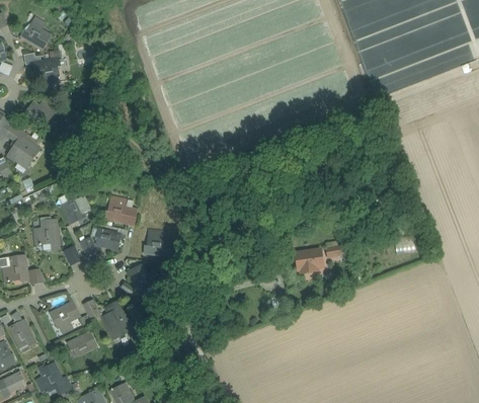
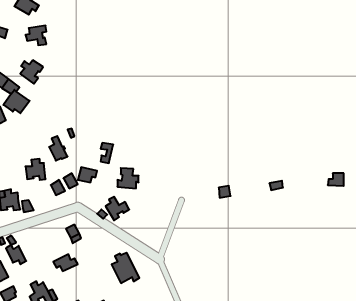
building: [103,195,132,222] -> none
building: [295,248,322,272] -> none
building: [101,302,135,338] -> [112,253,139,283]
building: [50,304,79,331] -> none

